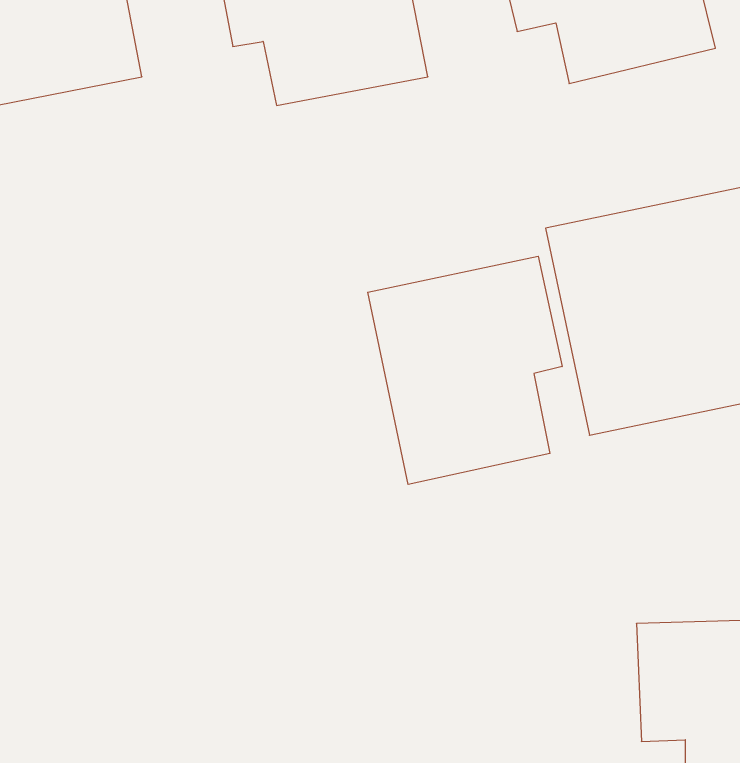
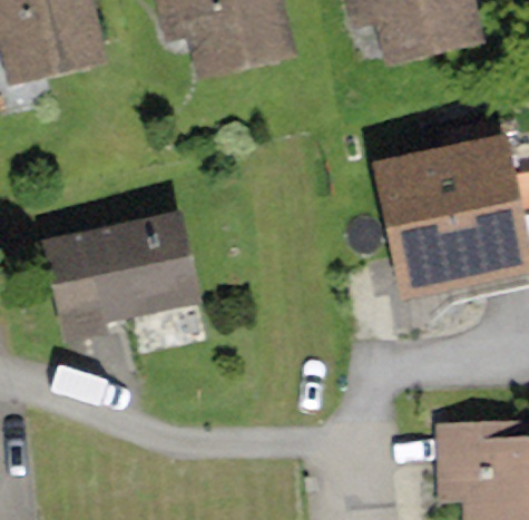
building: [368,256,562,484] -> none
building: none -> [43,208,206,337]

